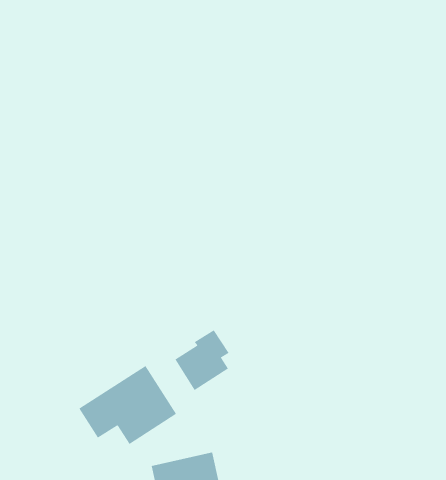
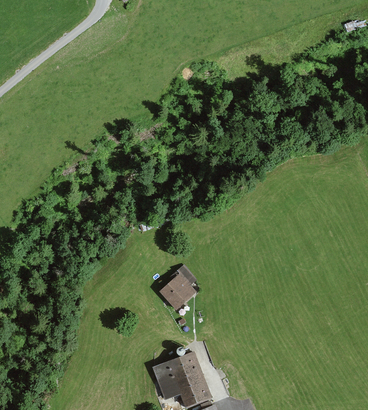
building: [79,365,177,445] -> none

